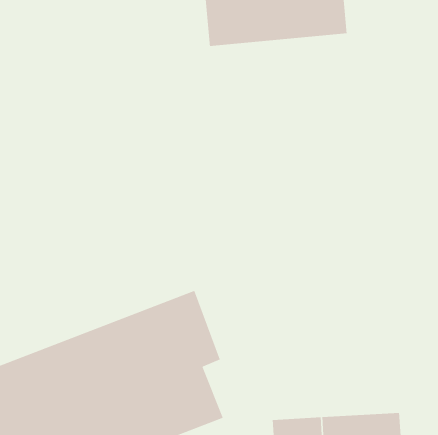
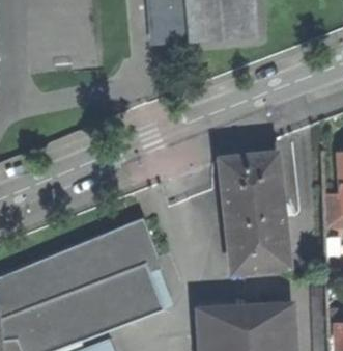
building: none -> [220,154,288,272]

